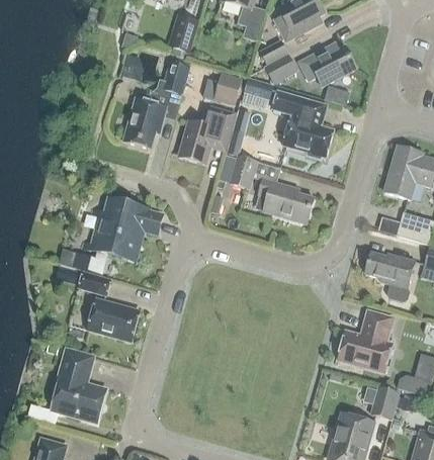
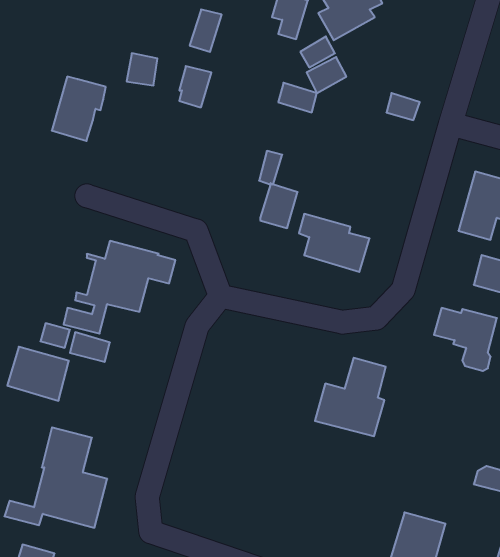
building: [298,44,356,86] -> none
building: [212,73,242,104] -> none
building: [272,90,333,158] -> none
building: [122,98,165,149] -> [52,77,106,141]
building: [178,106,234,164] -> none
building: [87,298,136,341] -> [7,347,69,401]
building: [337,310,393,372] -> [315,358,386,436]
building: [370,386,398,419] -> none

